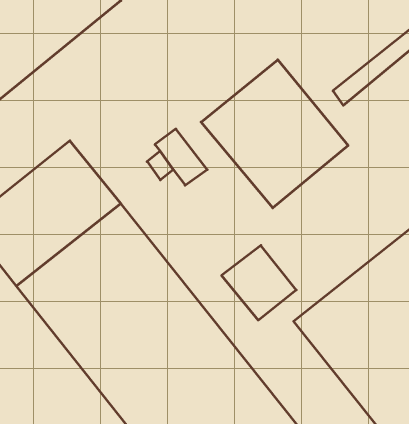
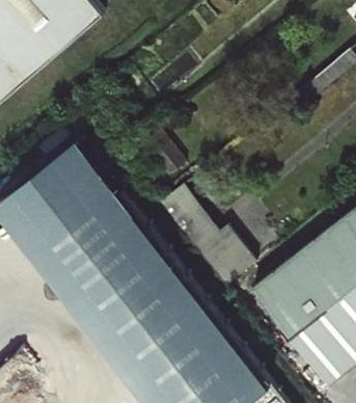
building: [201,60,348,208] -> none

